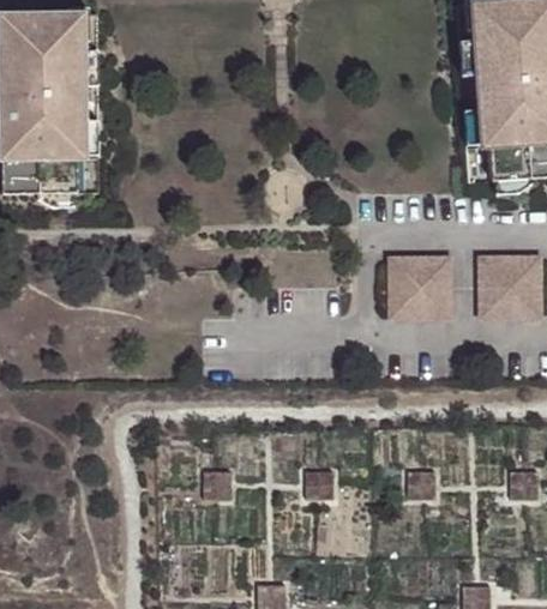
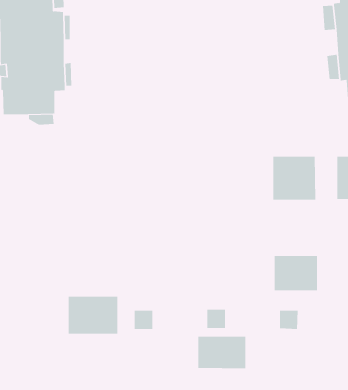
building: none -> [274,255,318,291]
building: none -> [68,296,118,335]
building: none -> [198,336,246,369]

